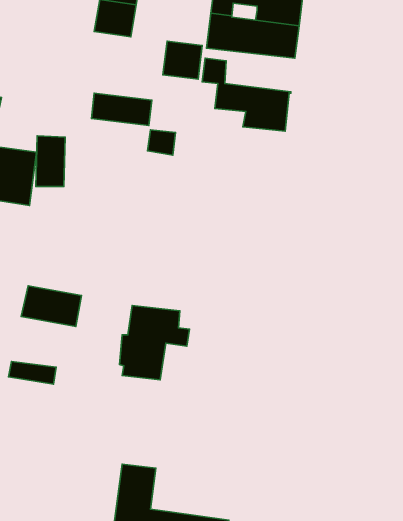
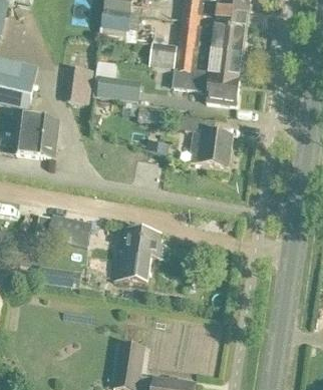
building: none -> [179,46,243,77]
building: [36,136,65,186] -> [72,65,93,101]
building: none -> [171,114,233,166]

